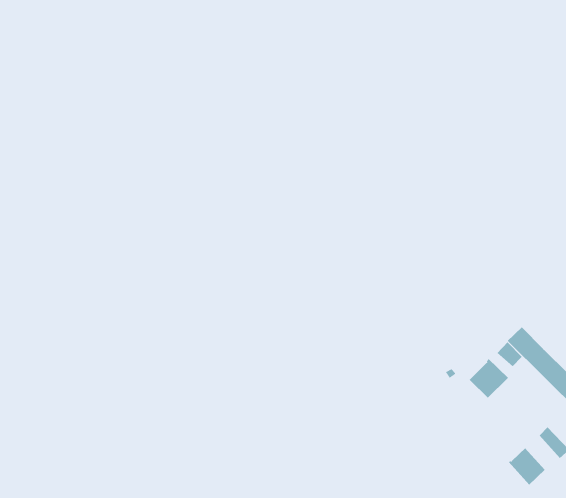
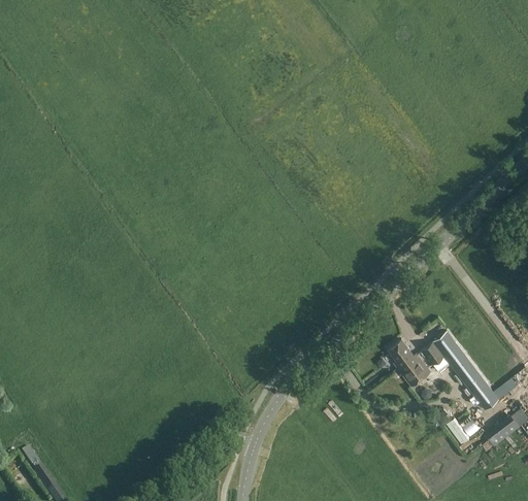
building: none -> [388,338,415,368]
building: [508,448,545,486] -> none

